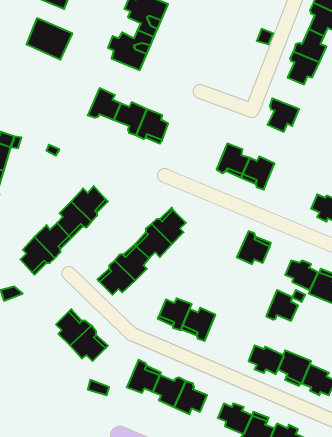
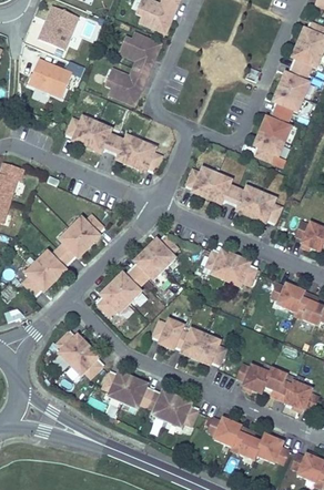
building: none -> [259,112,290,142]
building: none -> [65,116,97,147]
building: none -> [185,167,216,198]
building: none -> [251,193,282,223]
building: none -> [205,251,236,280]
building: [266,290,298,321] -> [195,335,225,364]
building: none -> [102,372,133,402]

